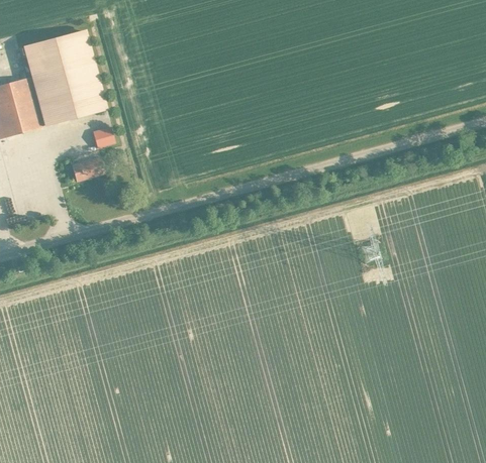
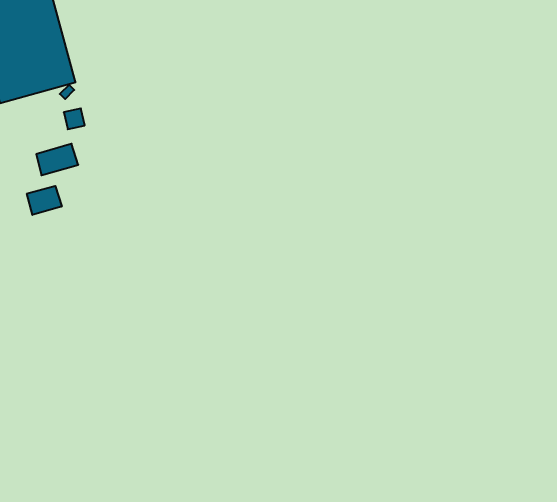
building: none -> [27,186,62,215]

